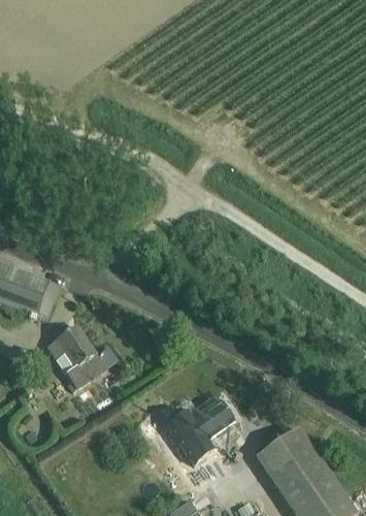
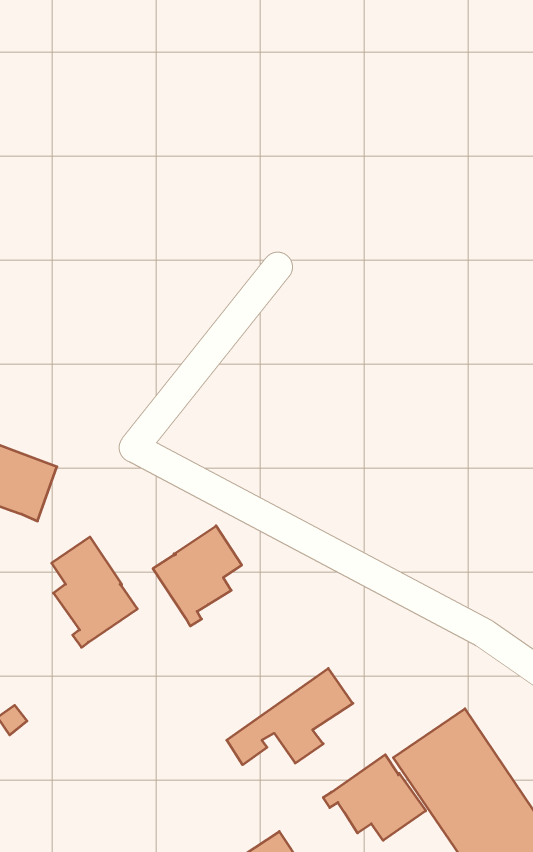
building: none -> [153,526,242,626]
building: none -> [323,755,426,840]

